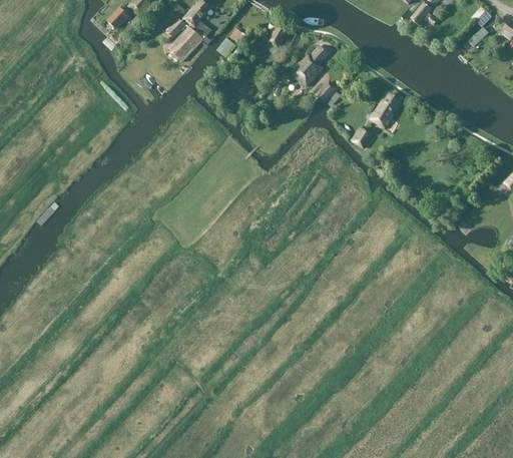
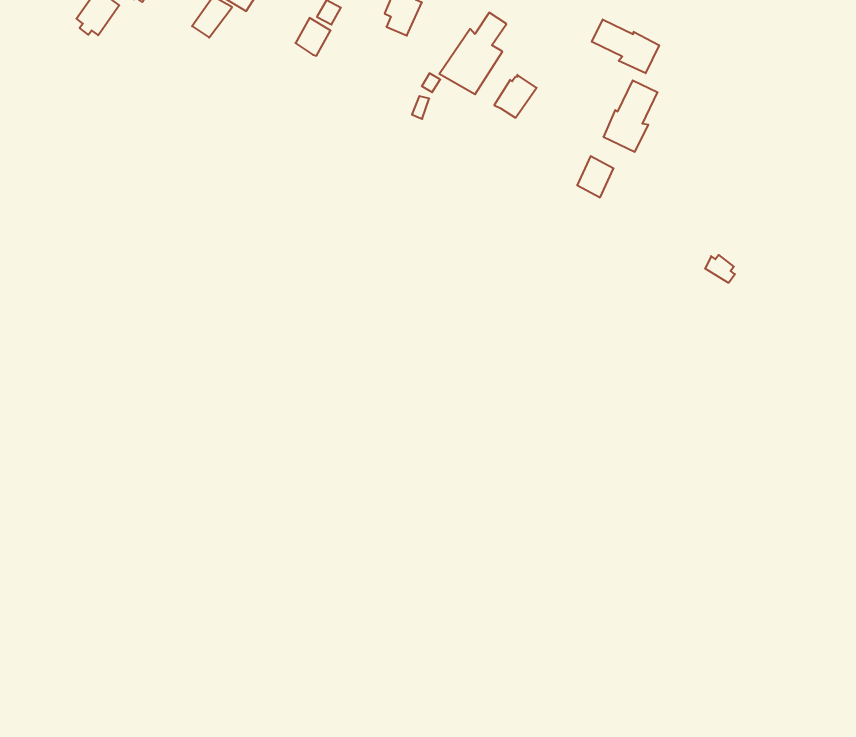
building: [168,26,203,61] -> none
building: none -> [592,19,659,73]

